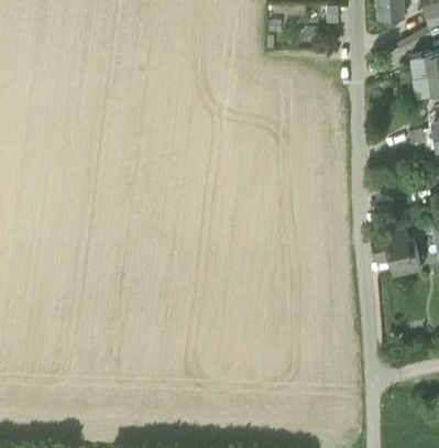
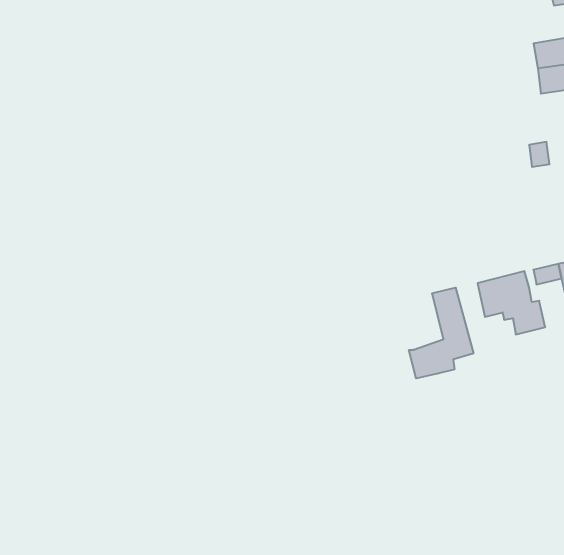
building: none -> [409,288,473,378]

